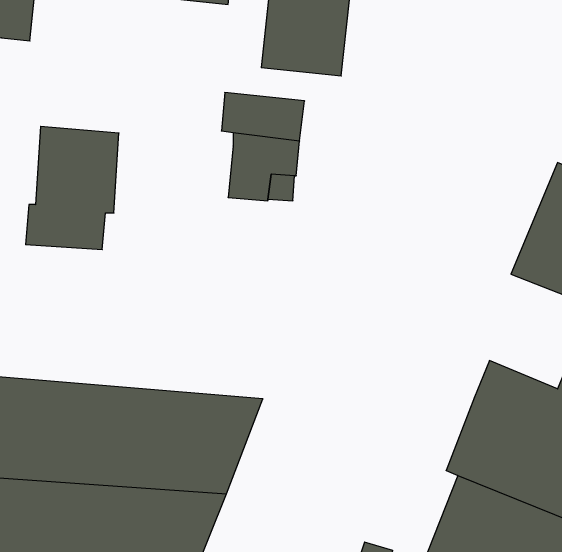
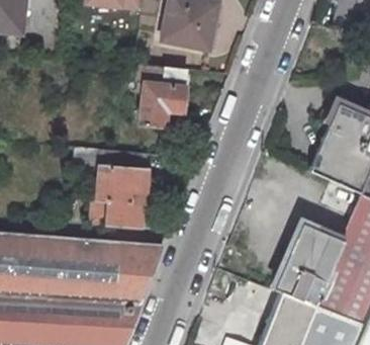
building: [26,126,119,250] -> [89,154,146,229]

